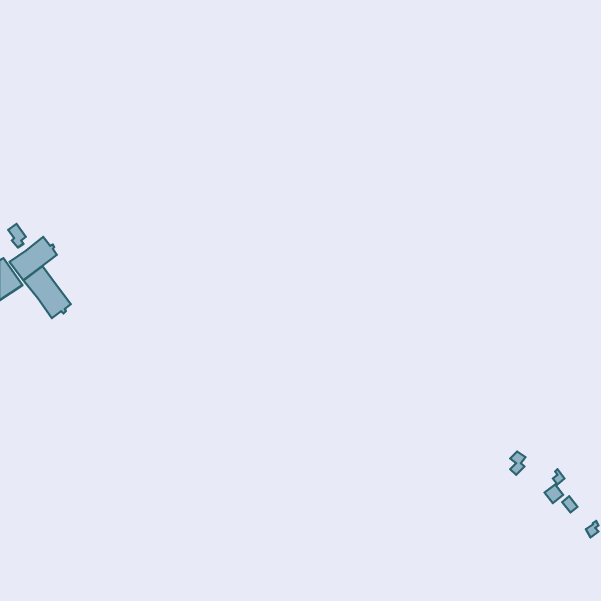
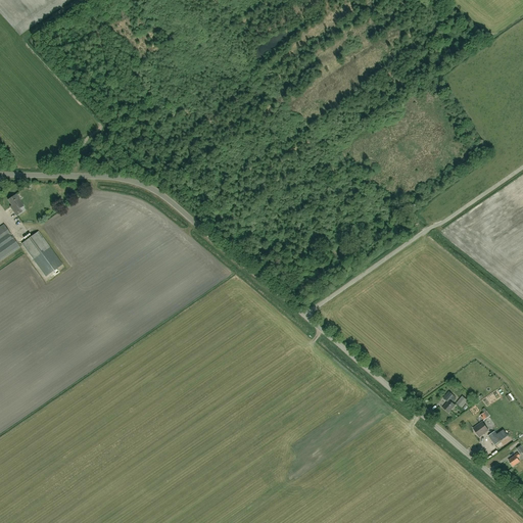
building: [9,237,57,280] -> none

